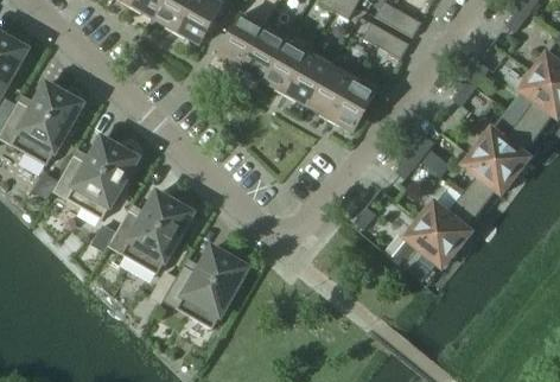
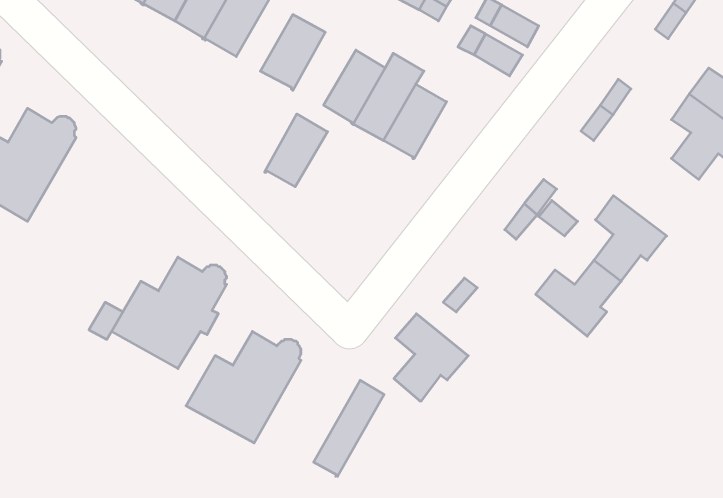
building: [241,26,287,79] -> [265,114,328,187]
building: [330,77,376,132] -> none
building: [476,119,539,176] -> none
building: [53,136,138,218] -> none
building: [402,218,457,282] -> [394,314,468,401]
building: none -> [314,380,384,476]

